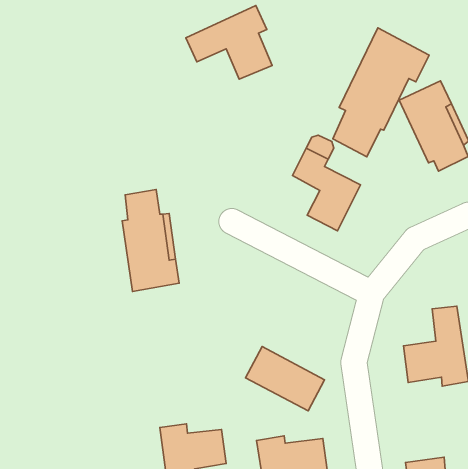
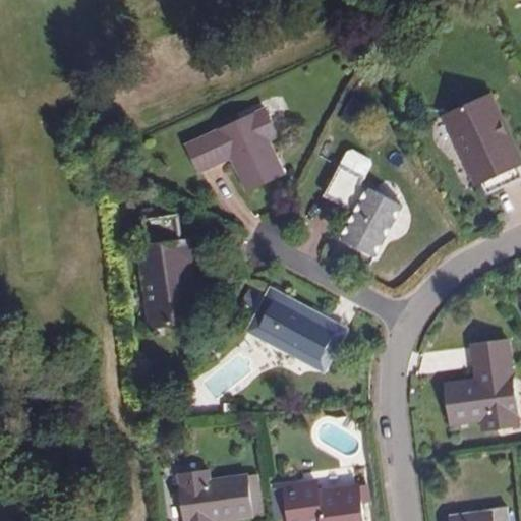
building: [186,6,272,79] -> [185,109,281,190]
building: [333,28,429,157] -> none
building: [245,347,325,411] -> [251,293,339,364]

